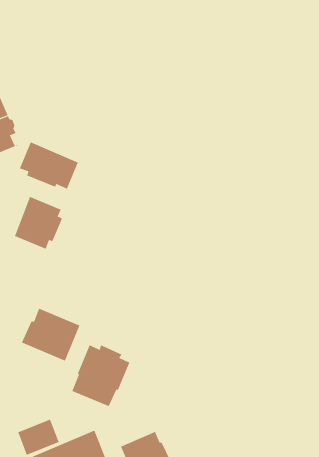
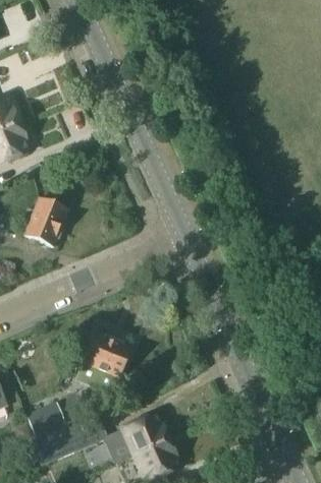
building: [19,141,79,189] -> none
building: [21,308,80,361] -> none

